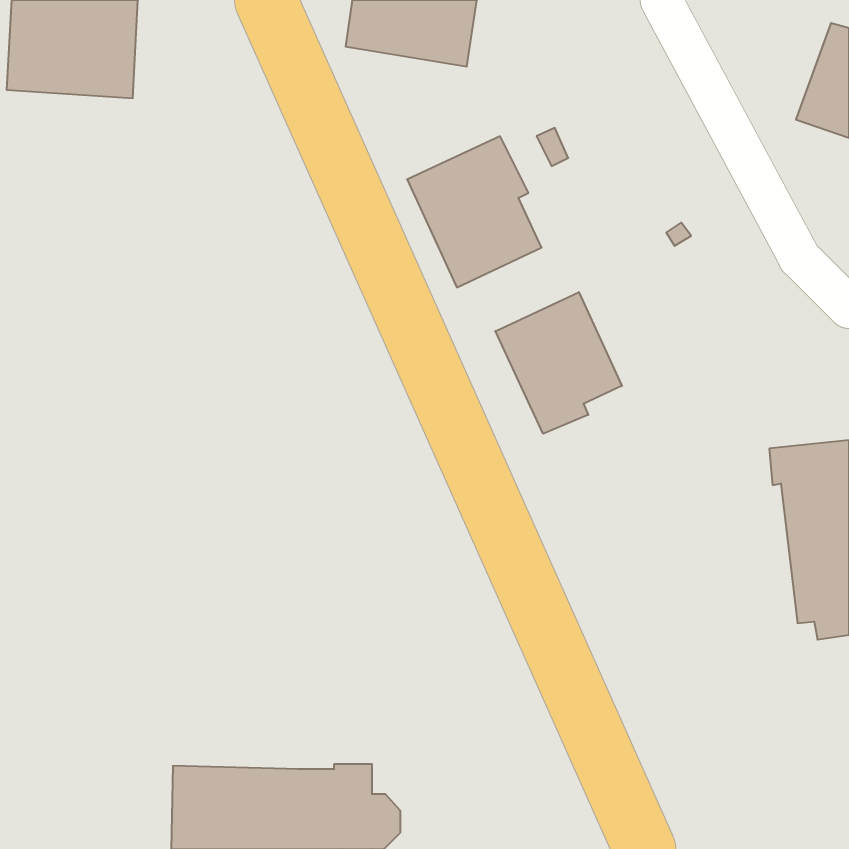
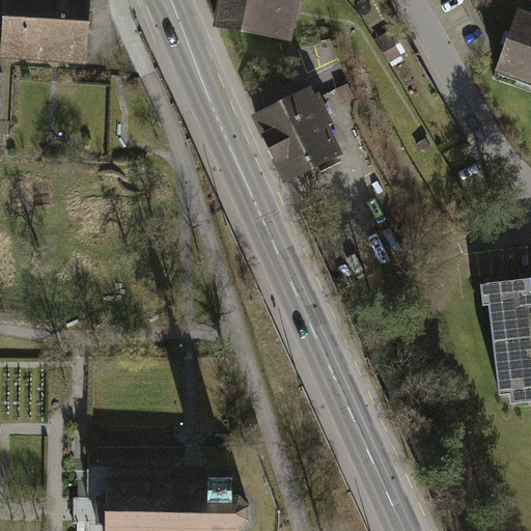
building: [495,292,622,434] -> none

